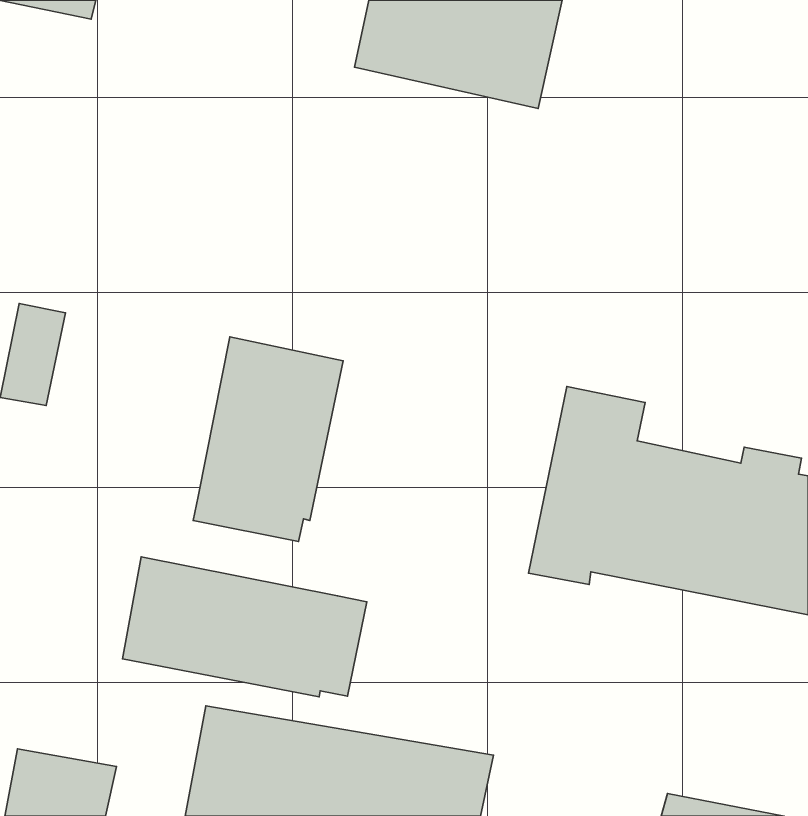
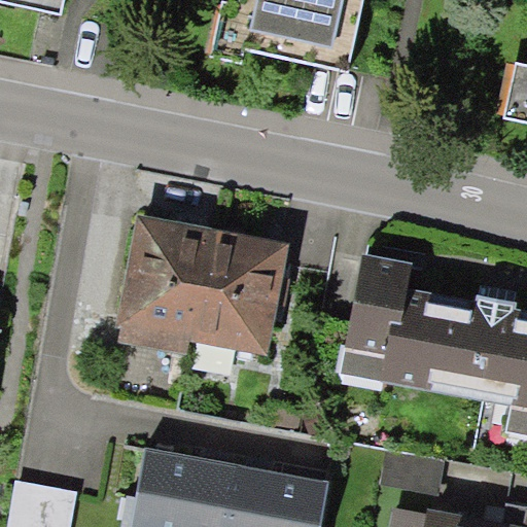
building: none -> [200,233,293,350]
building: [122,557,367,697] -> none

